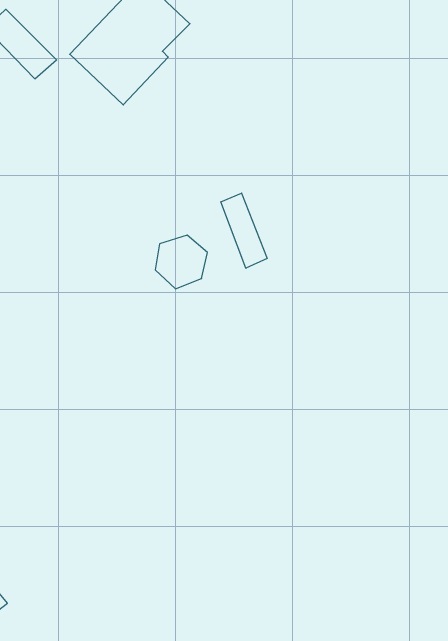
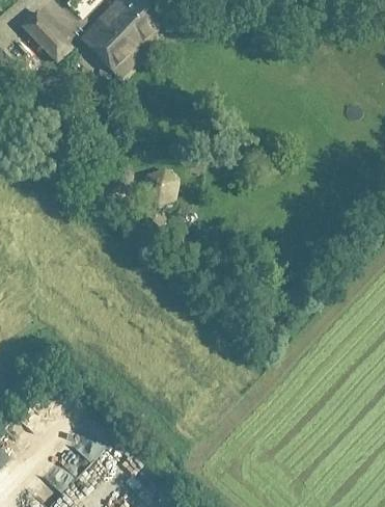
building: [221,193,267,268] -> none

